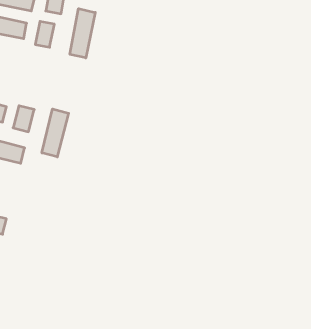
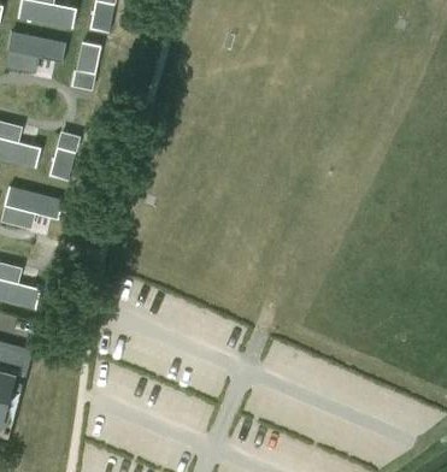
building: [70,9,95,58] -> none
building: [42,109,69,157] -> none

